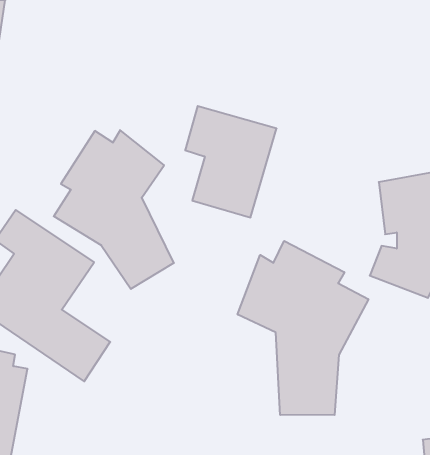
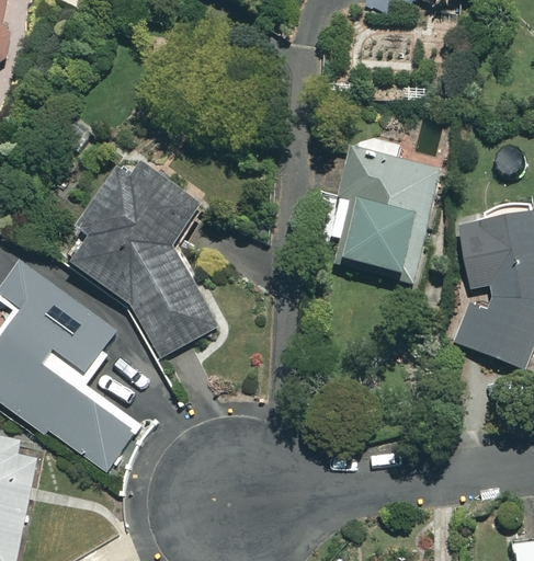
building: [185,106,277,217] -> [336,141,447,277]
building: [238,241,368,415] -> none

